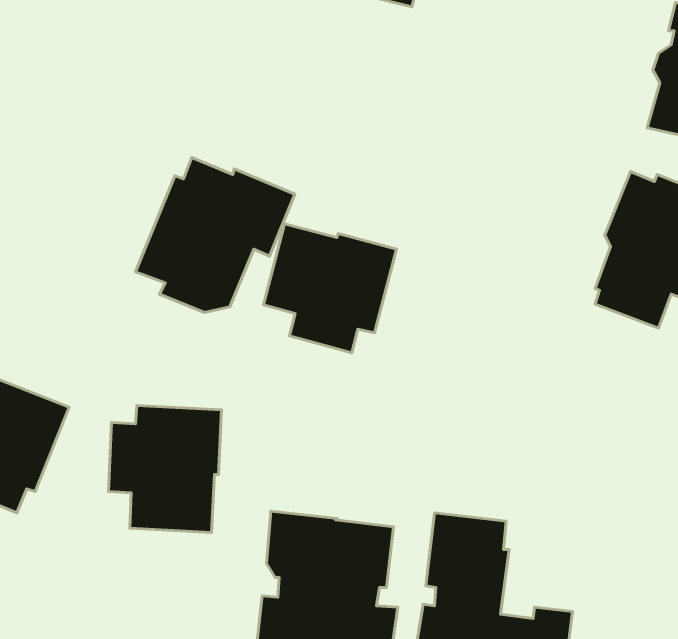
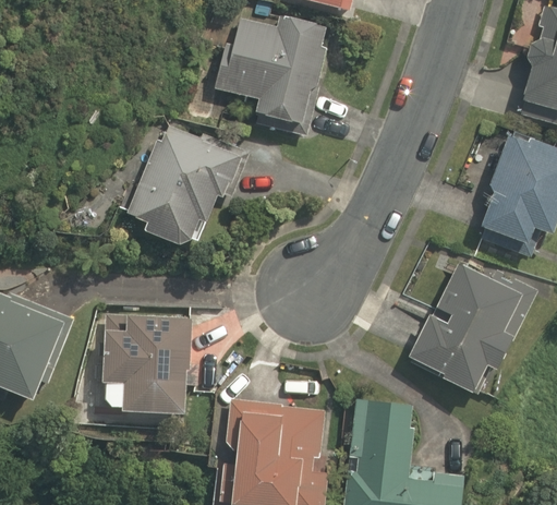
building: none -> [215,16,327,136]
building: [264,224,397,353] -> none
building: none -> [409,263,537,394]

